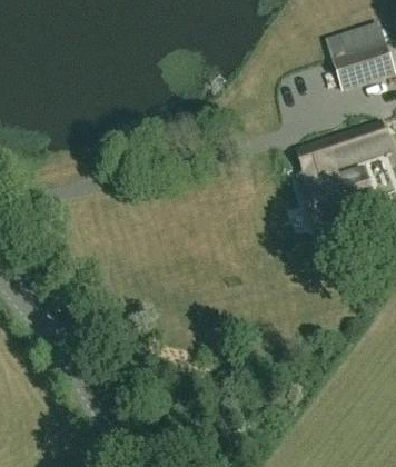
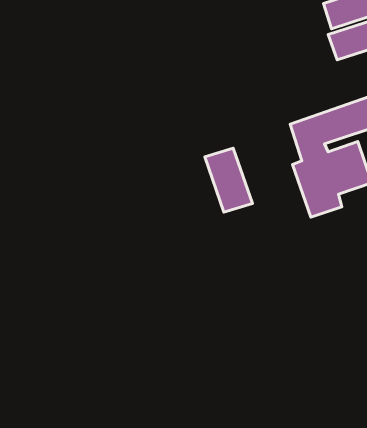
building: none -> [205,148,252,212]

